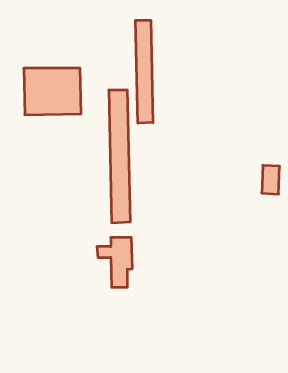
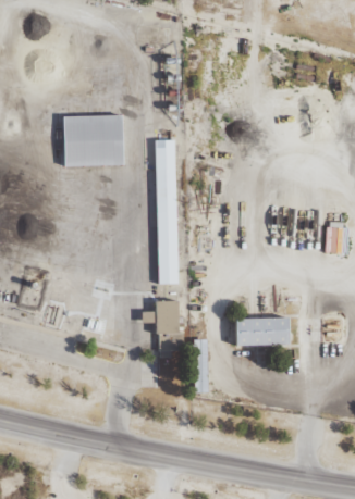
building: [136,20,153,123] -> none
building: none -> [240,316,293,346]

